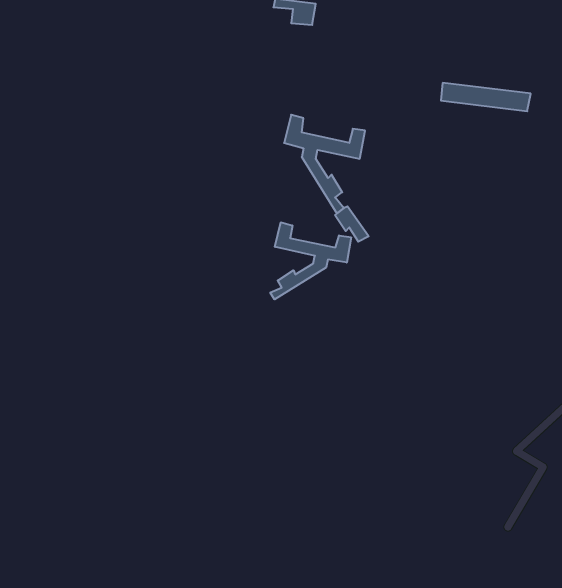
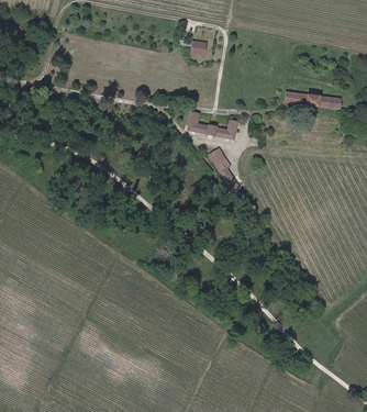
building: [270,222,351,299] -> none

